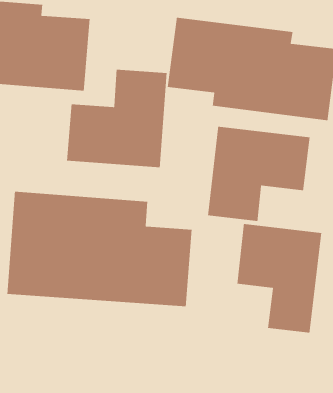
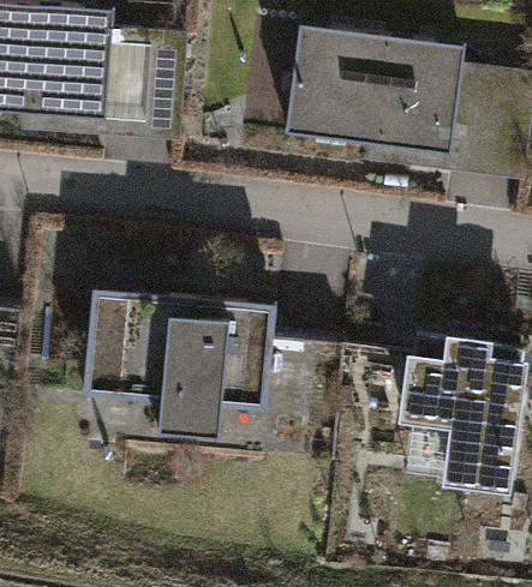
building: [66,69,167,168] -> none
building: [207,126,311,222] -> none

